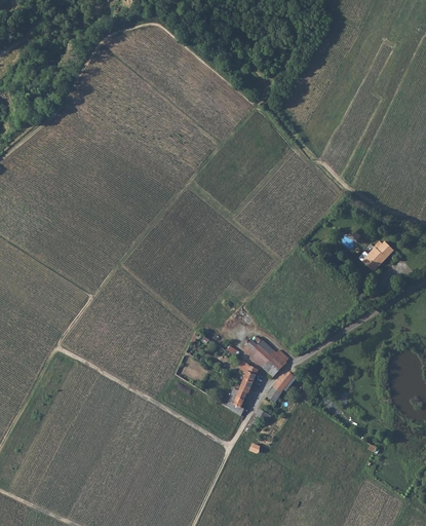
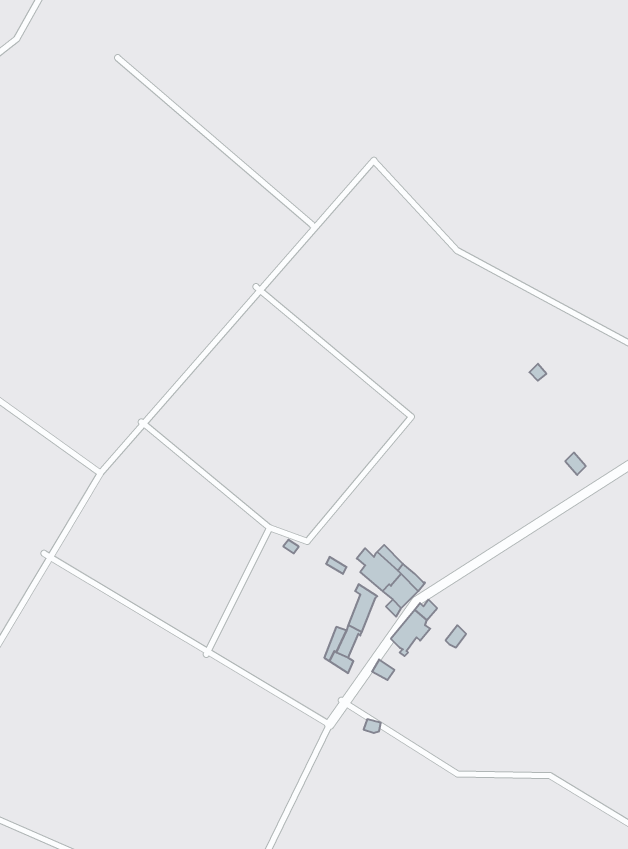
building: [361,240,392,270] -> none

